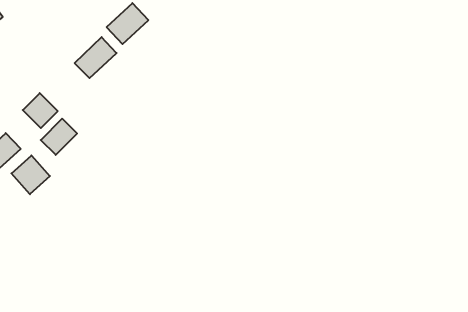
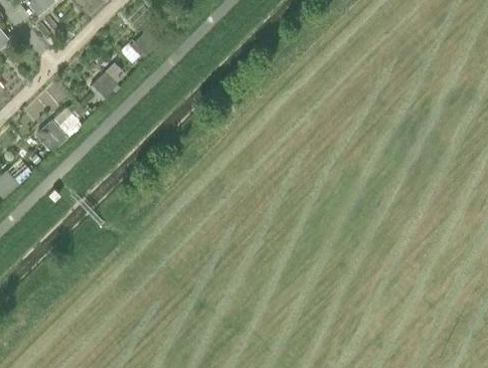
building: [41,119,77,155] -> none
building: [11,155,50,194] -> none

